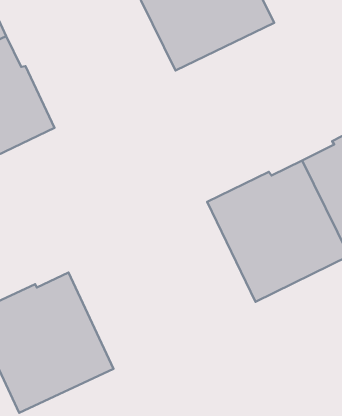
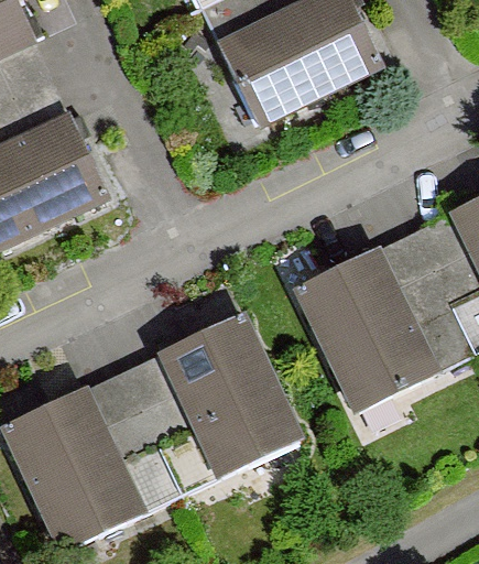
building: none -> [123,314,297,495]

